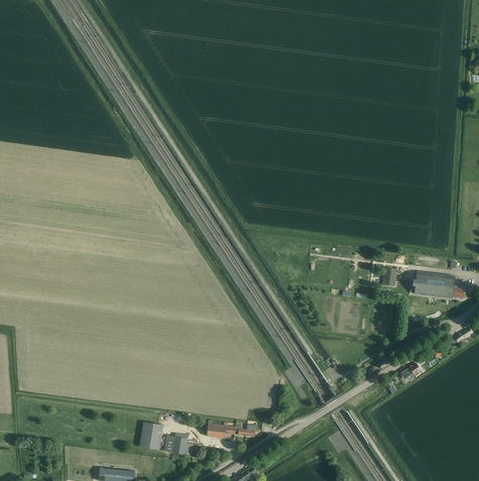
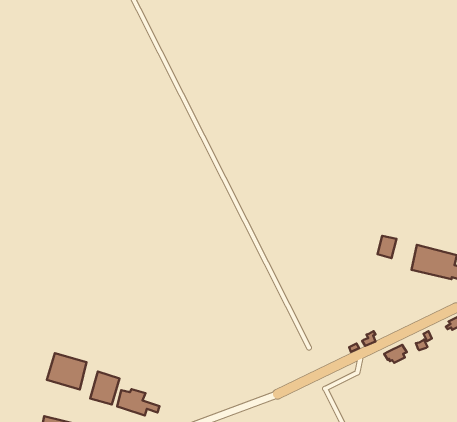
building: none -> [47,353,87,389]
building: [207,420,259,438] -> none

